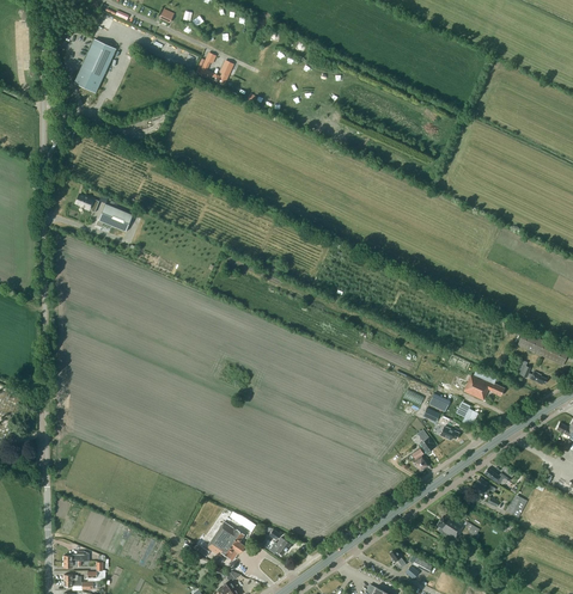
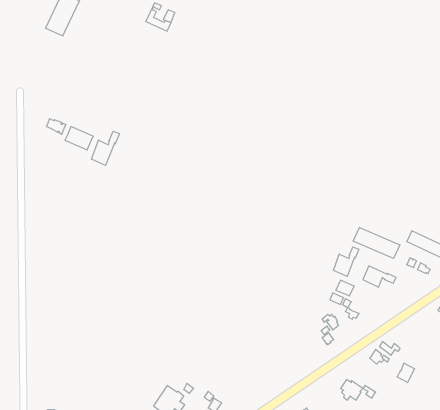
building: none -> [91,131,120,165]
building: none -> [353,227,400,258]
building: none -> [333,247,359,276]

